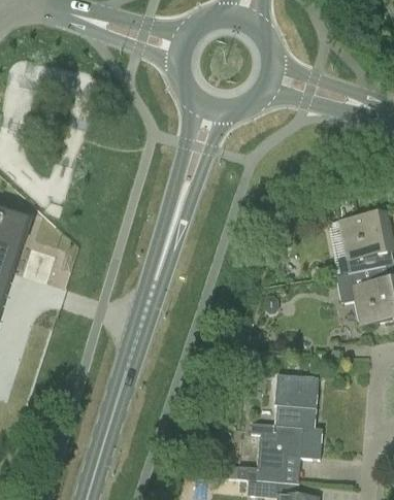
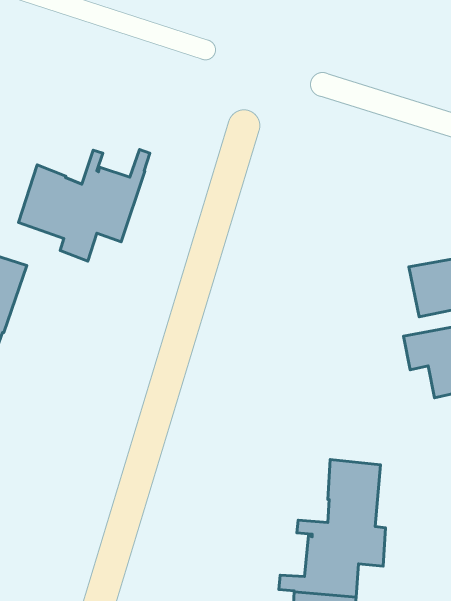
building: none -> [19,150,150,261]

